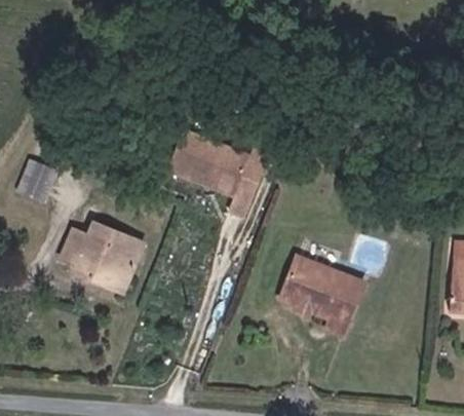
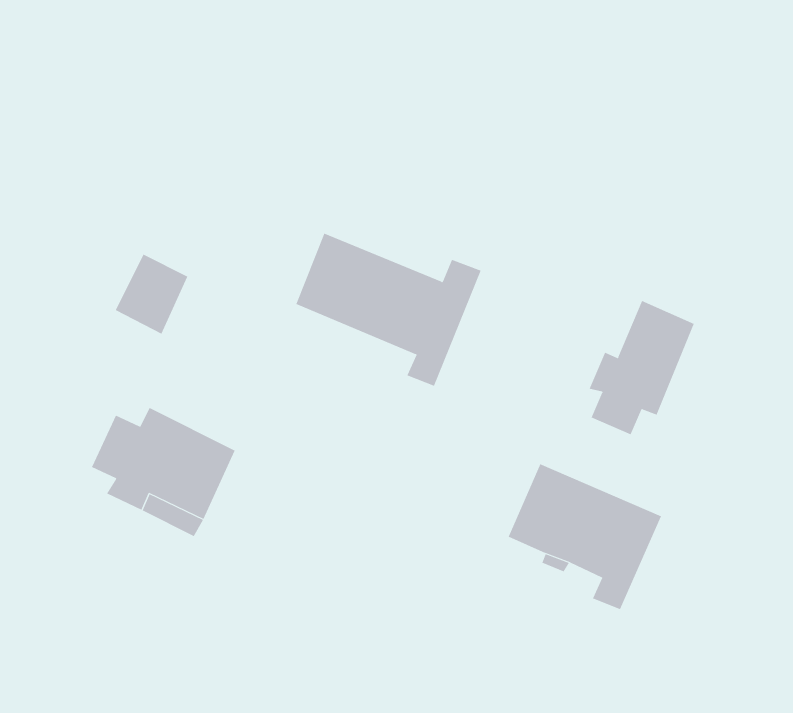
building: [13,156,53,200] -> [115,254,188,335]
building: none -> [589,300,695,435]

